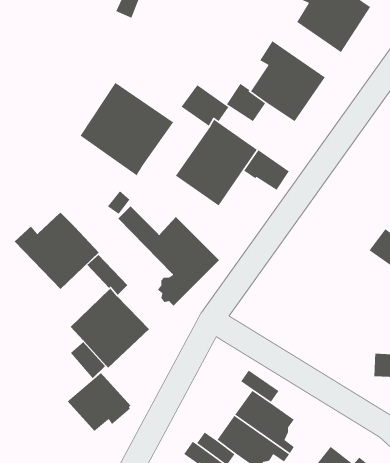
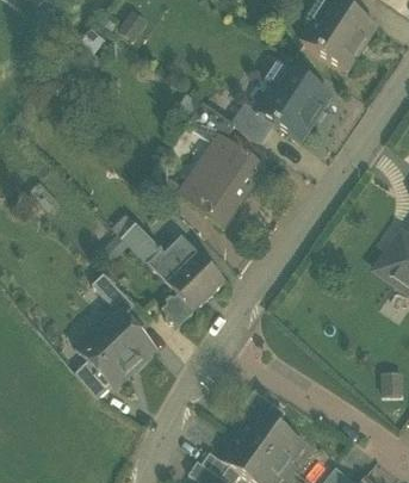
building: [79,82,174,176] -> none
building: [243,149,290,191] -> none
building: [14,212,99,290] -> none
building: [67,372,132,432] -> none

